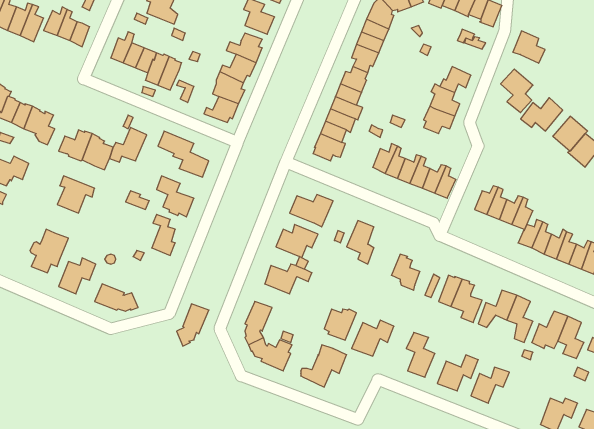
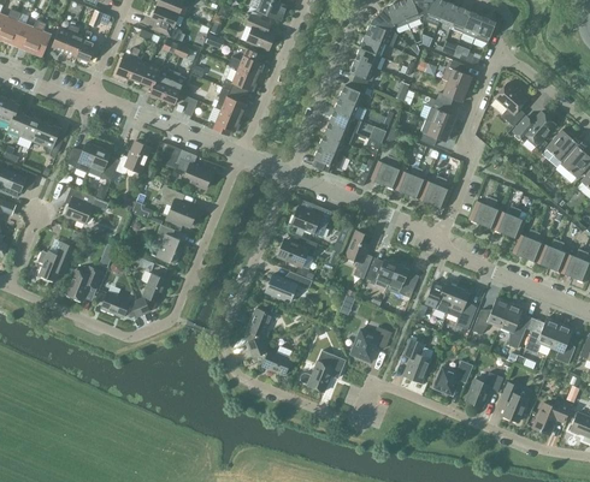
building: [513,31,545,63] -> [441,59,472,90]
building: [177,304,209,346] -> [137,274,169,315]
building: [324,309,356,340] -> [366,260,397,290]
building: none -> [502,382,527,422]

